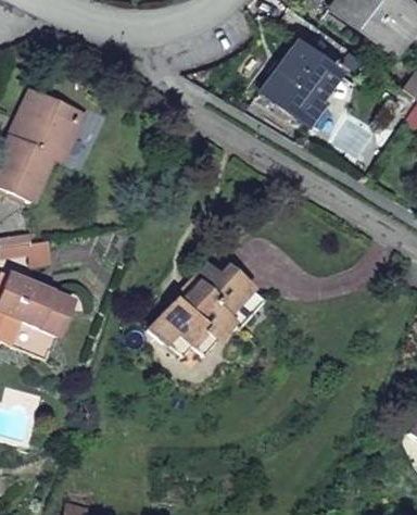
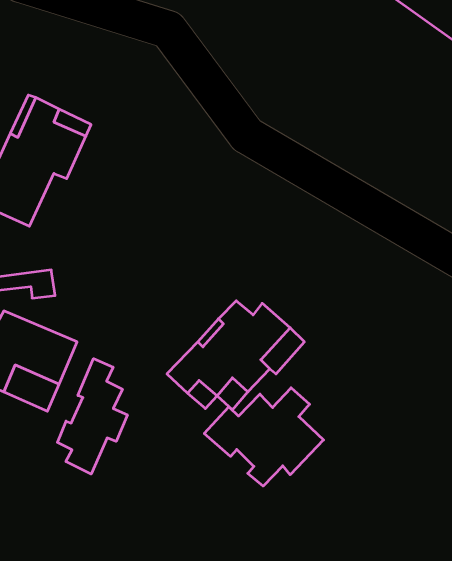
building: [262,39,338,115] -> none
building: none -> [57,359,127,474]
building: none -> [204,388,324,486]

